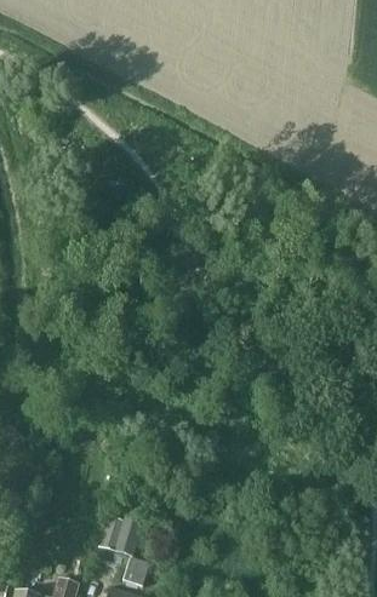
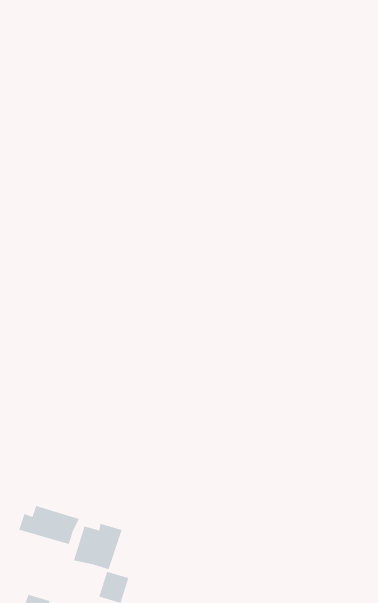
building: none -> [18,505,79,545]

